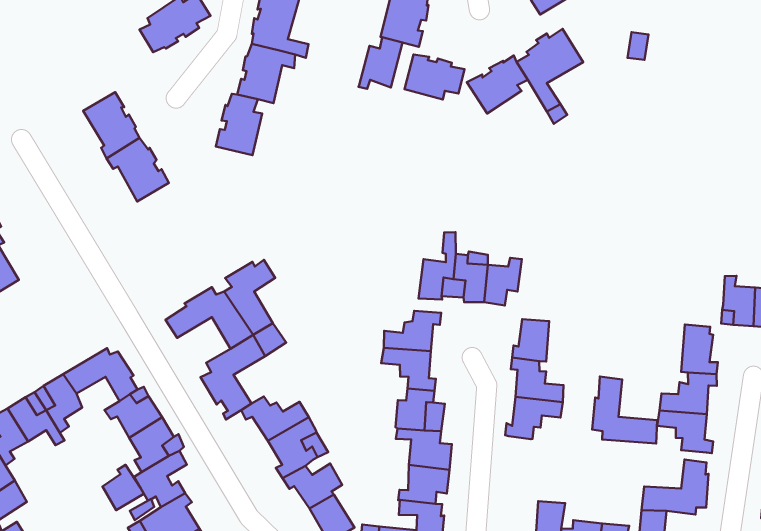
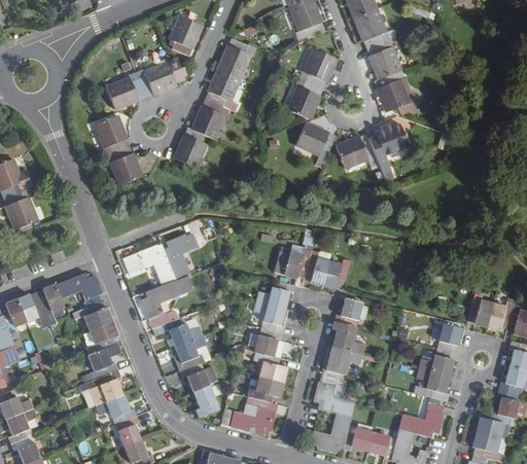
building: none -> [106,78,145,109]
building: [358,37,402,89] -> none
building: [592,377,657,444] -> [314,369,355,417]
building: [102,465,144,510] -> none

